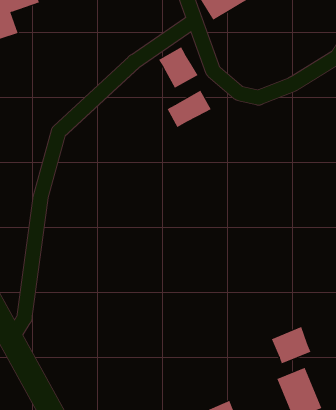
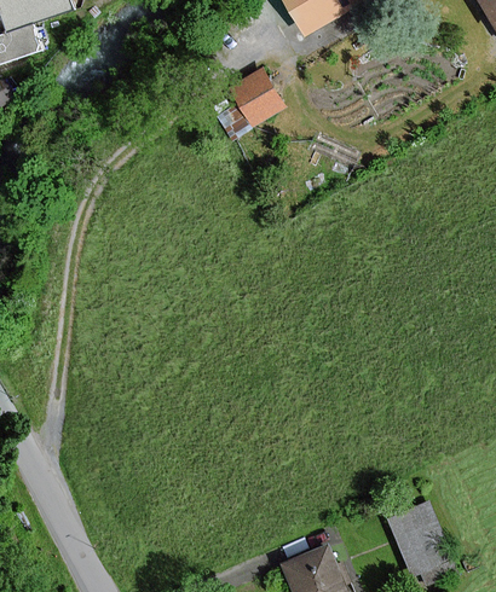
building: [167,90,212,128] -> none
building: [271,326,311,364] -> none

